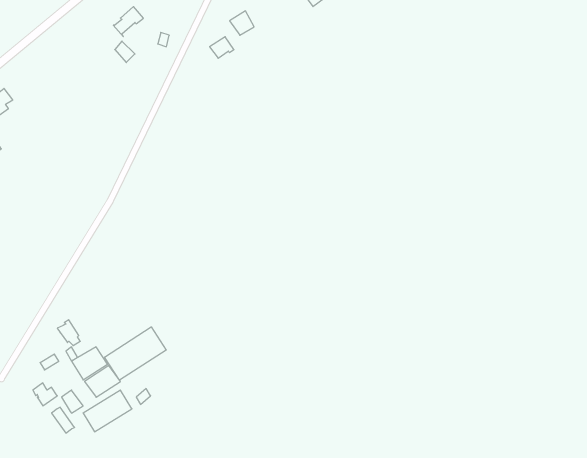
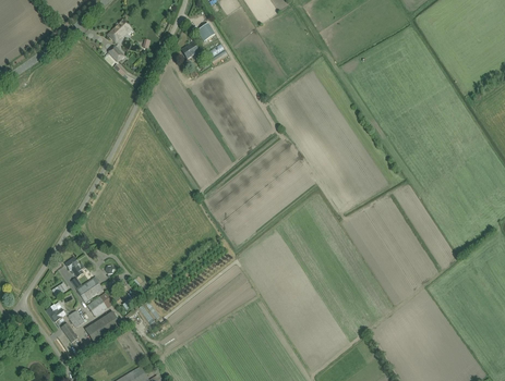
building: [105,327,166,380] -> none

